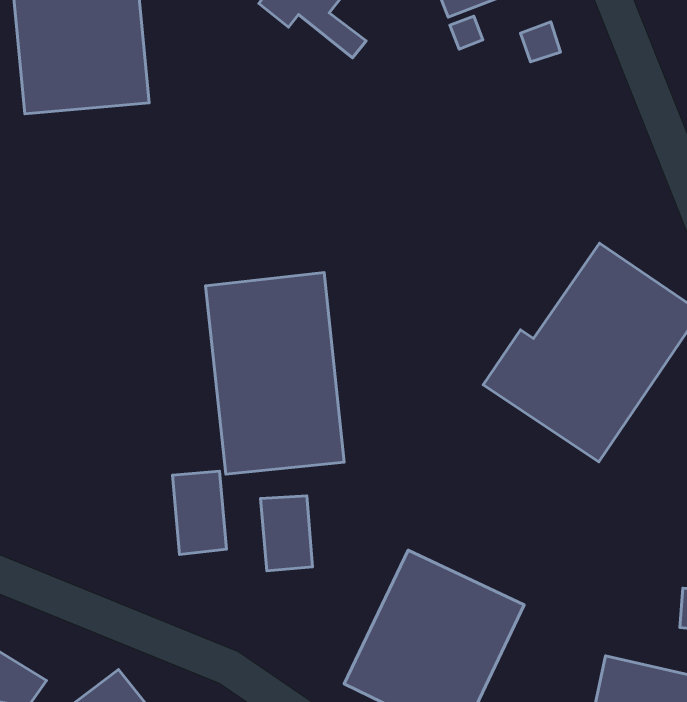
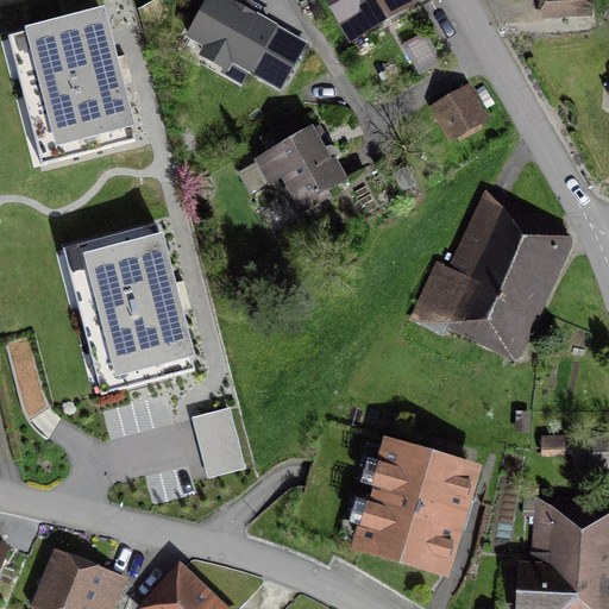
building: none -> [432,87,486,137]
building: none -> [253,130,345,207]
building: [206,273,344,474] -> [70,227,194,389]
building: [261,496,312,571] -> none

